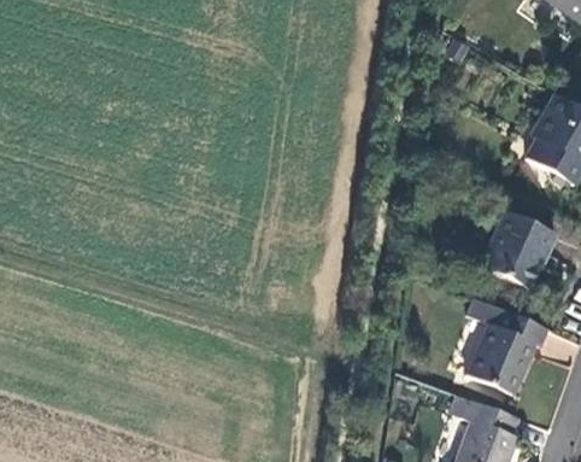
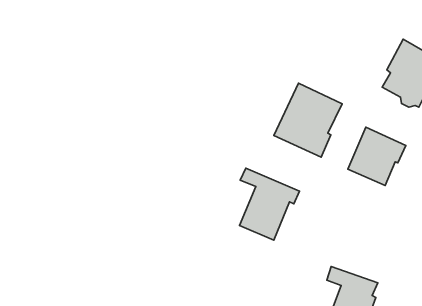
building: none -> [274,83,342,157]
building: [468,298,547,393] -> [239,168,299,240]

